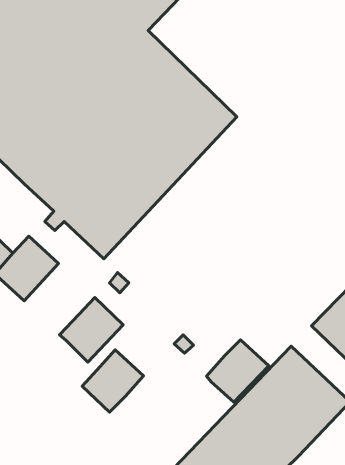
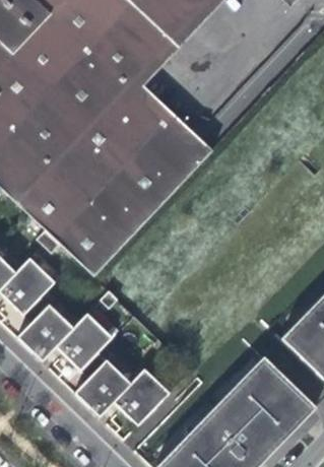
building: none -> [18,304,74,359]
building: [207,340,269,402] -> [116,368,172,423]

